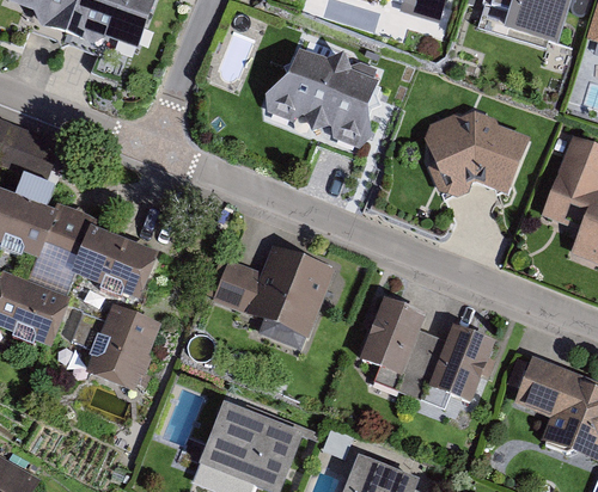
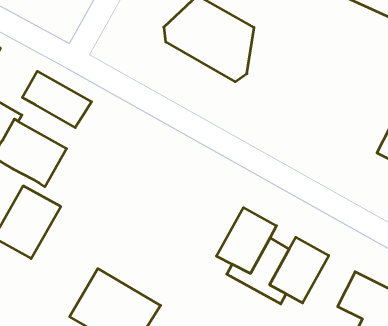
building: [420,104,529,192] -> none
building: none -> [22,71,92,128]
building: [214,244,336,336] -> none

